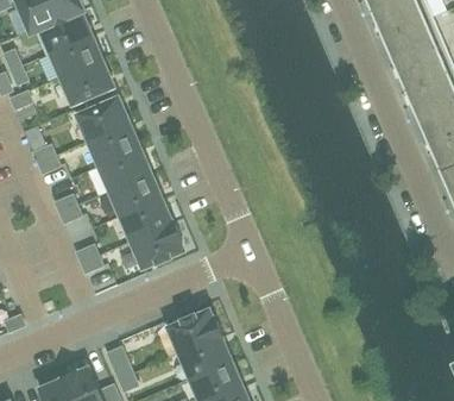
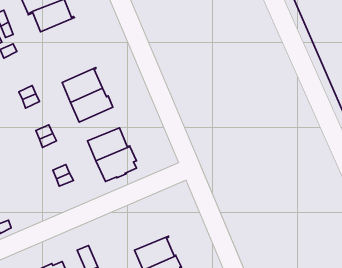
building: [61,59,112,104] -> none
building: [77,98,131,142] -> none
building: [109,173,160,215] -> none
building: [169,311,222,353] -> none

